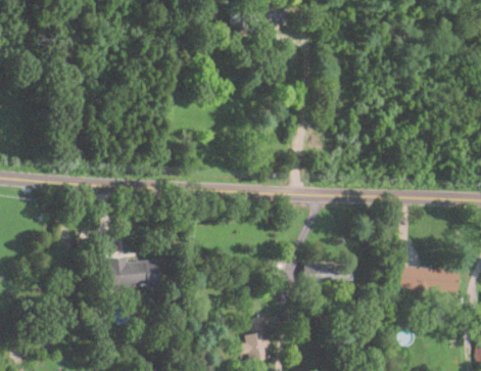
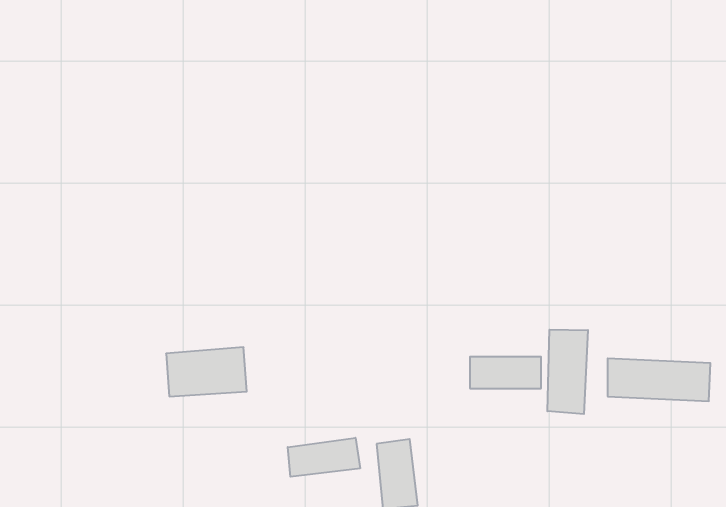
building: none -> [547,330,588,414]
building: none -> [288,438,360,477]

